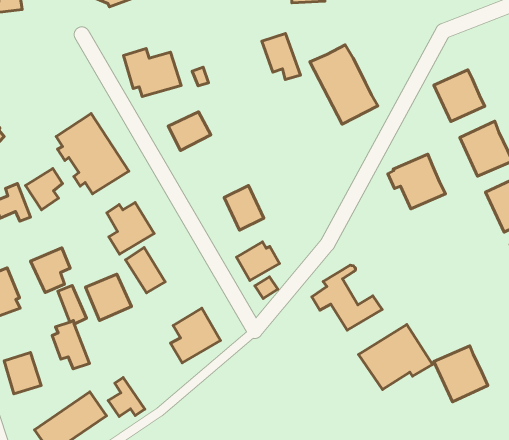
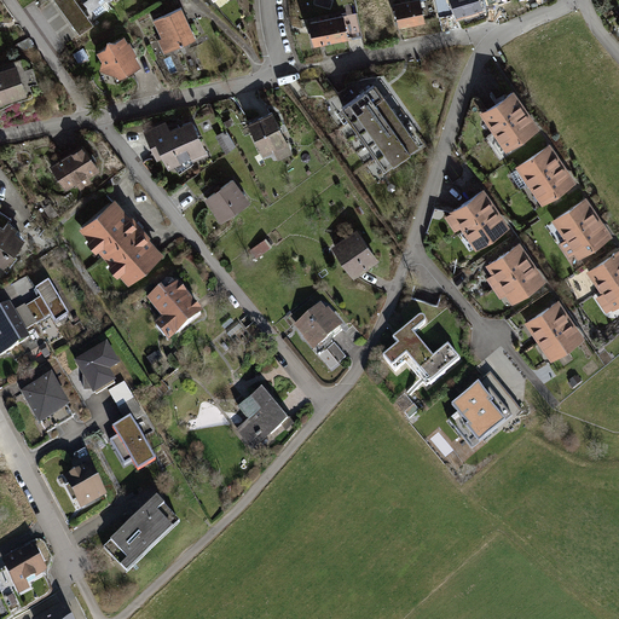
building: [262,33,301,80] -> [245,110,293,160]
building: none -> [51,141,102,187]
building: [26,168,63,210] -> none
building: [224,185,264,230] -> [331,228,377,278]
building: none -> [485,241,545,303]
building: [125,248,165,293] -> none
building: [86,274,132,321] -> none
building: [434,346,488,402] -> [522,299,584,361]
building: [108,377,145,417] -> none

